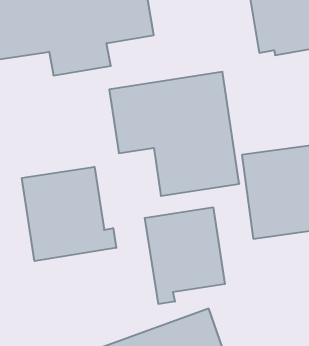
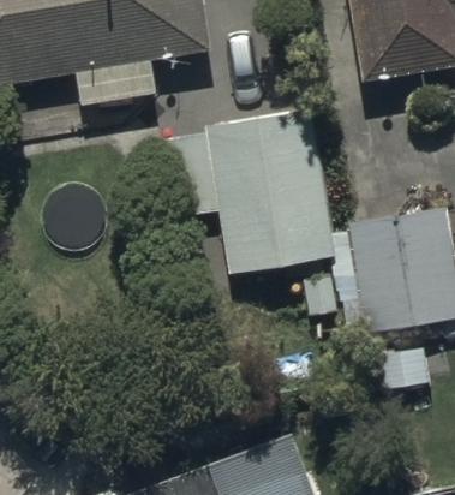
building: [22,167,116,261] -> none
building: [145,207,225,304] -> none

